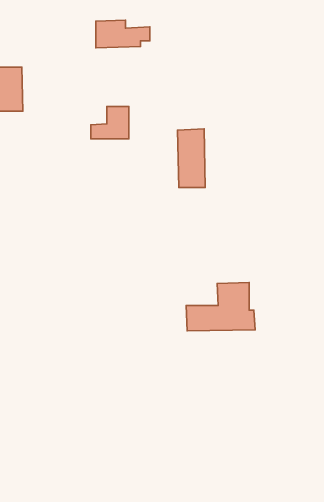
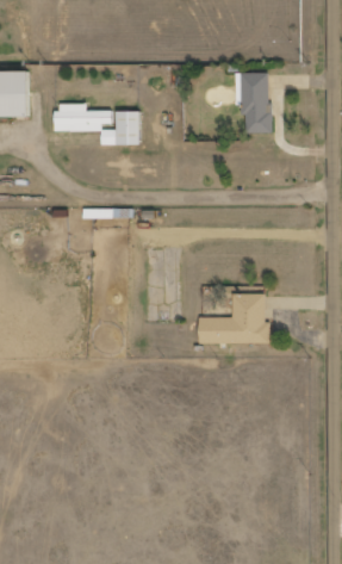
building: [96,20,150,48] -> [55,103,111,131]
building: [178,129,205,188] -> [241,72,269,132]

